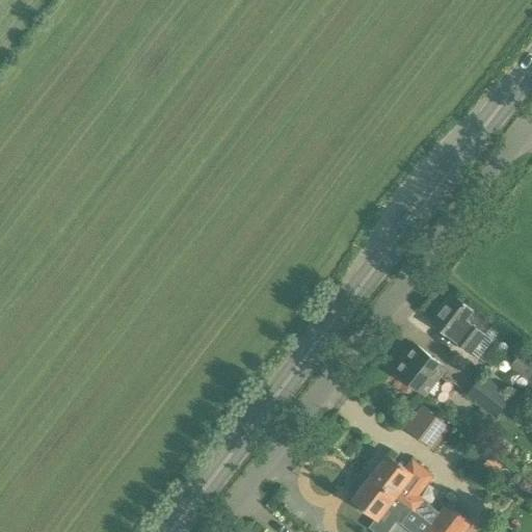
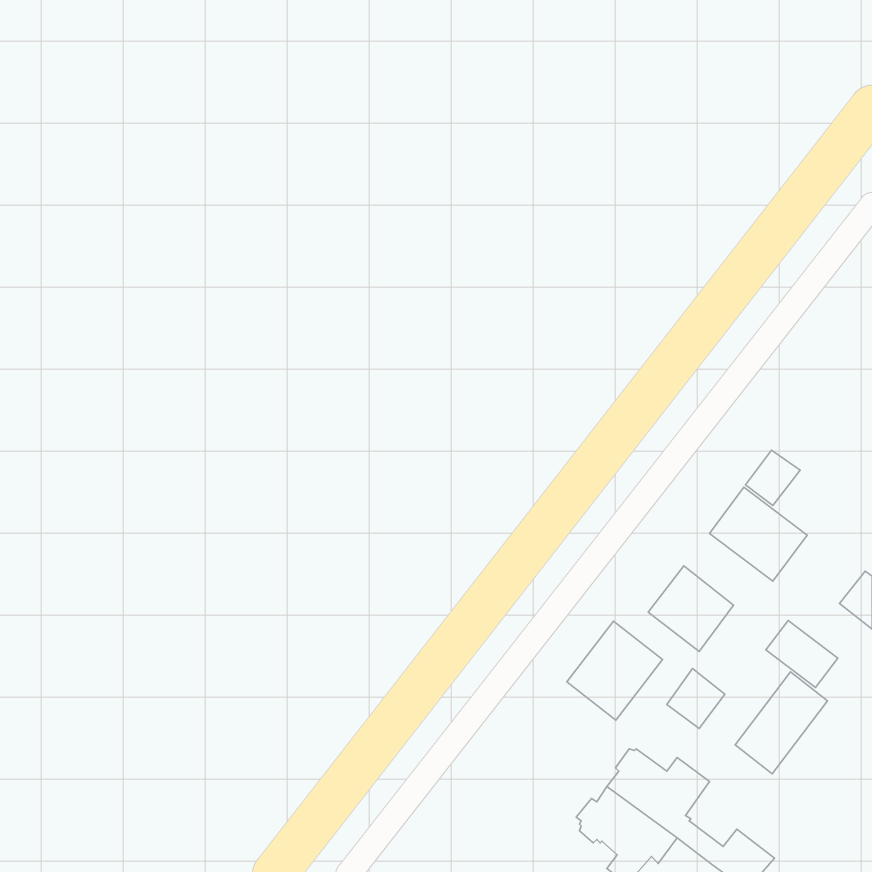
building: none -> [746,450,800,506]
building: none -> [567,621,662,720]
building: none -> [735,672,827,774]

